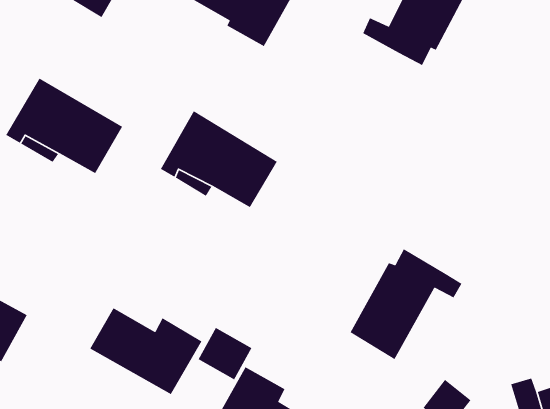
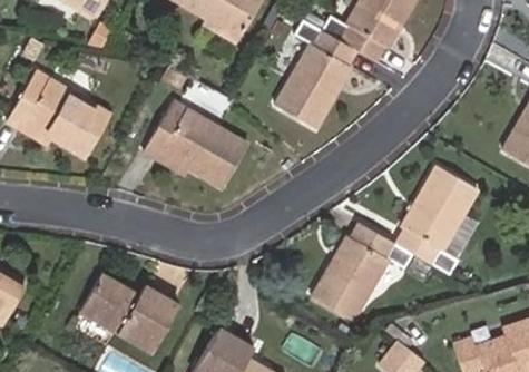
building: none -> [276,20,355,128]
building: none -> [398,164,478,274]
building: [198,327,252,381] -> none

